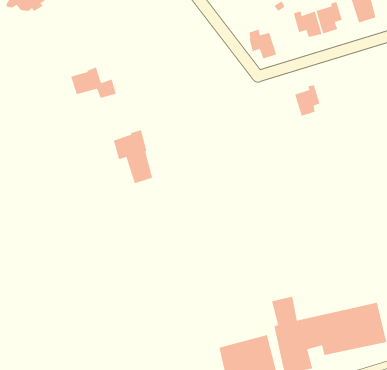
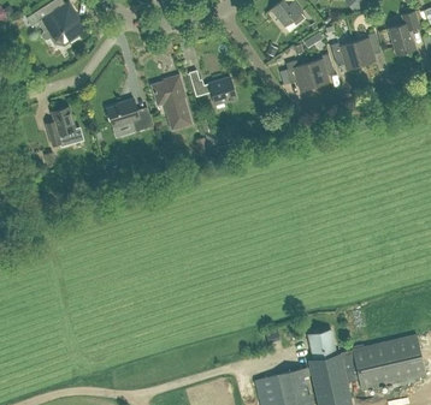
building: none -> [188,71,236,105]
building: none -> [47,107,75,145]
building: [294,85,320,117] -> [307,54,333,87]
building: [113,129,153,184] -> [150,75,191,130]

